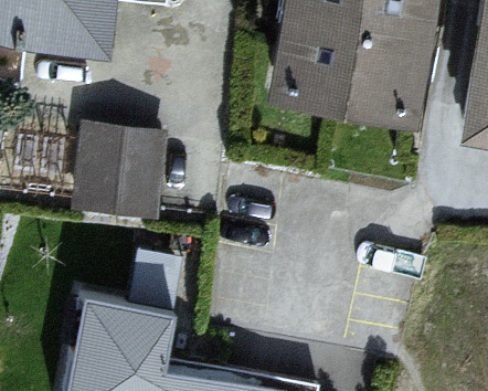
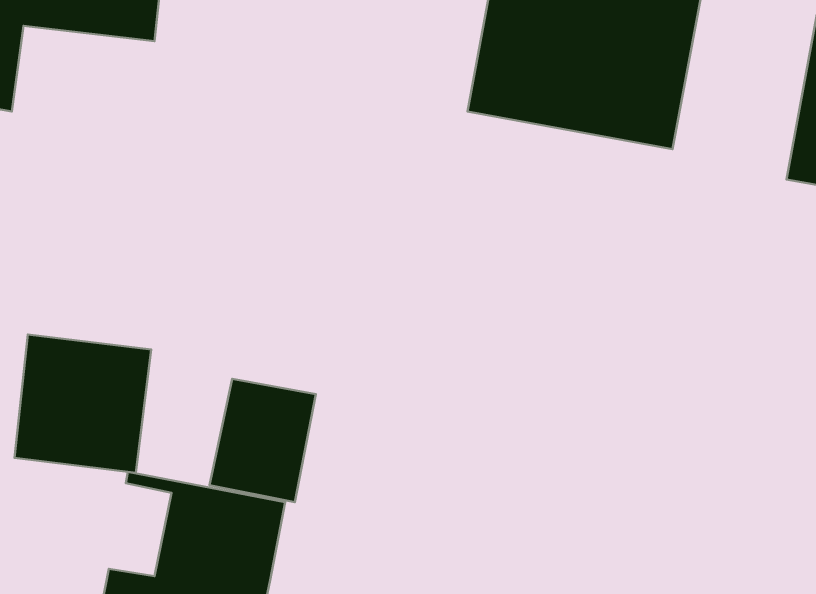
building: [77,130,157,211] -> [14,334,151,473]

